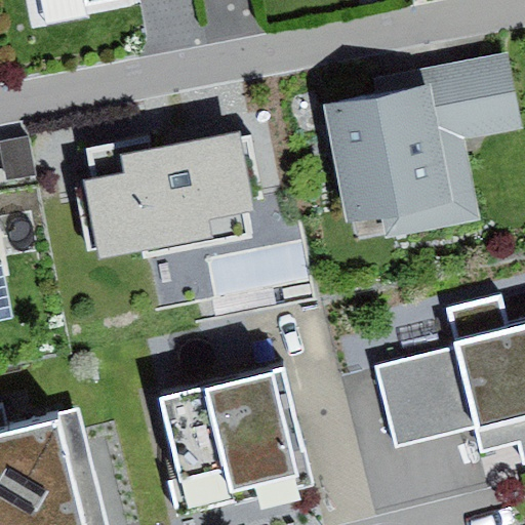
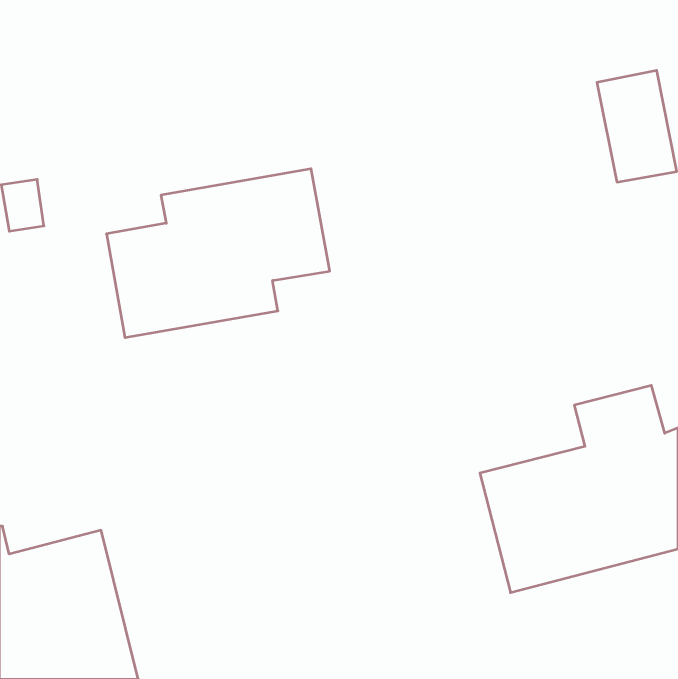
building: [325,91,453,231] -> none
building: [168,365,307,510] -> none

